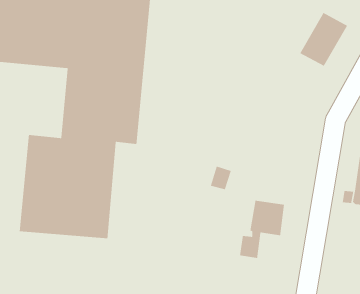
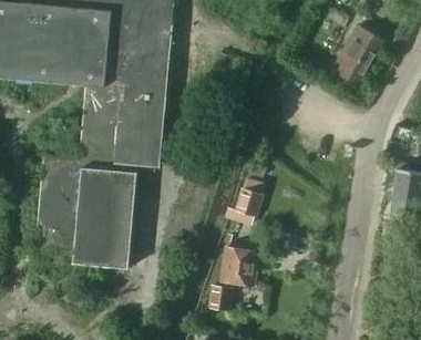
building: [239,200,285,259] -> [209,246,258,309]

